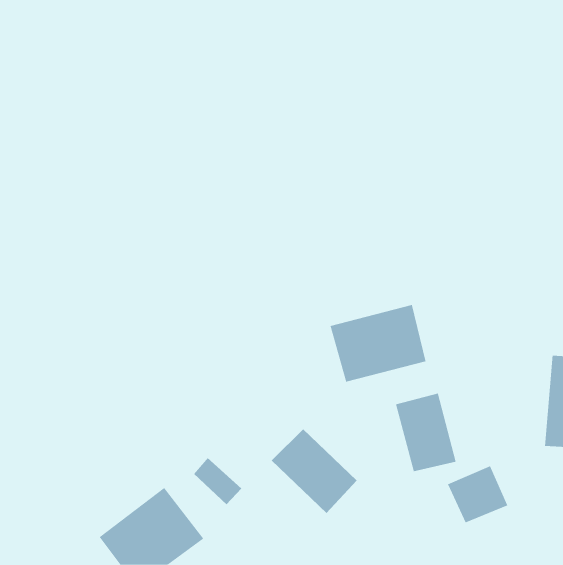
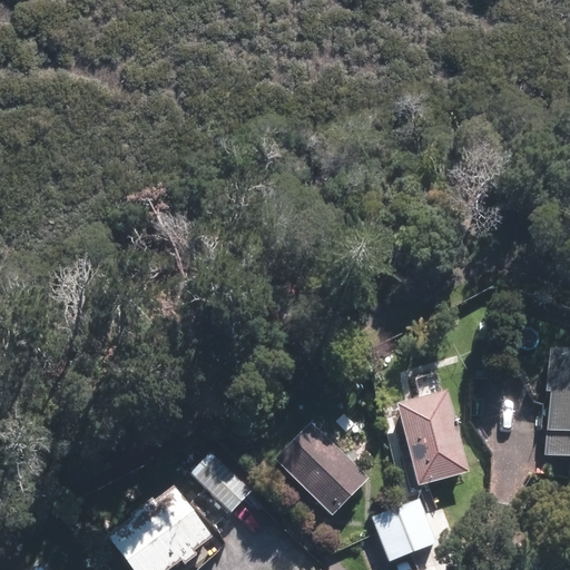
building: [330,304,426,382] -> none
building: [447,465,508,523] -> [375,498,436,556]

